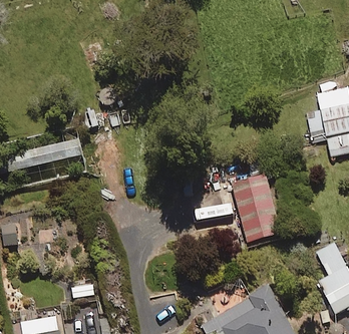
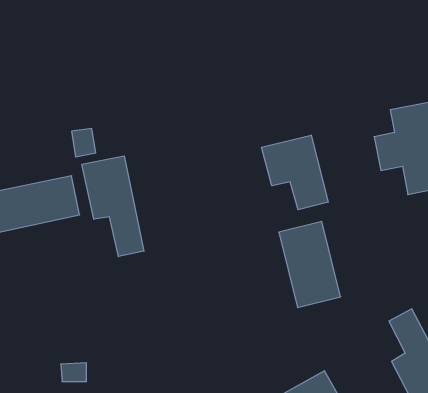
building: none -> [262,135,328,210]
building: none -> [82,156,144,257]

